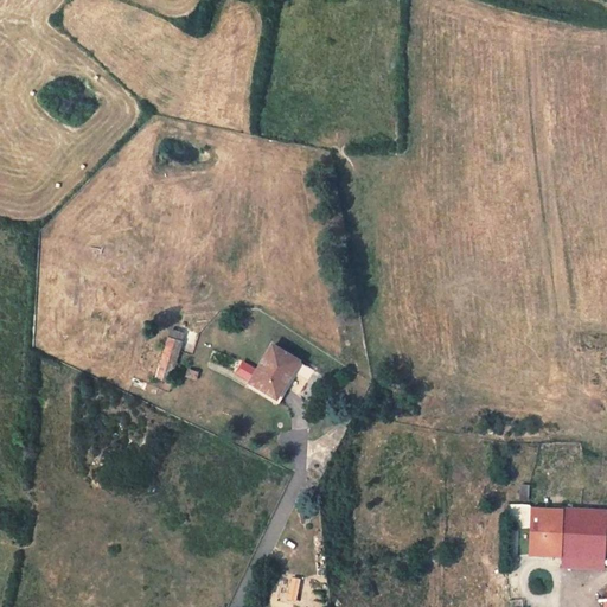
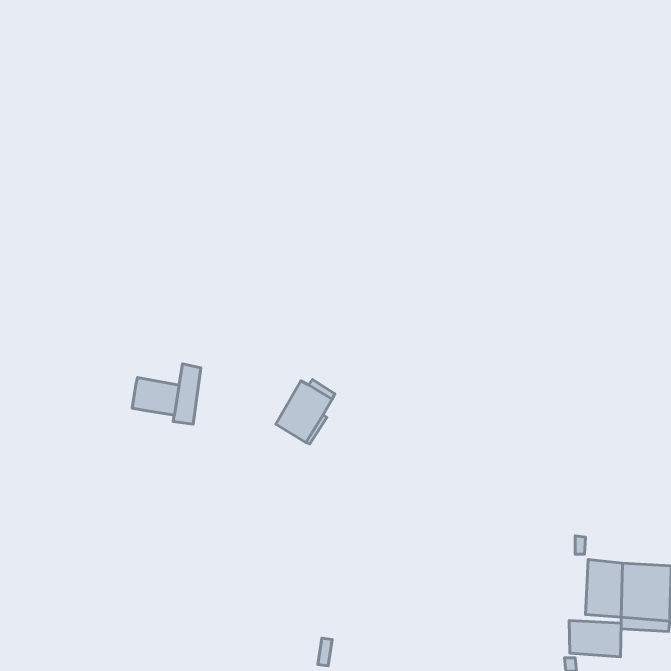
building: none -> [132,378,179,415]
building: none -> [569,621,621,657]

